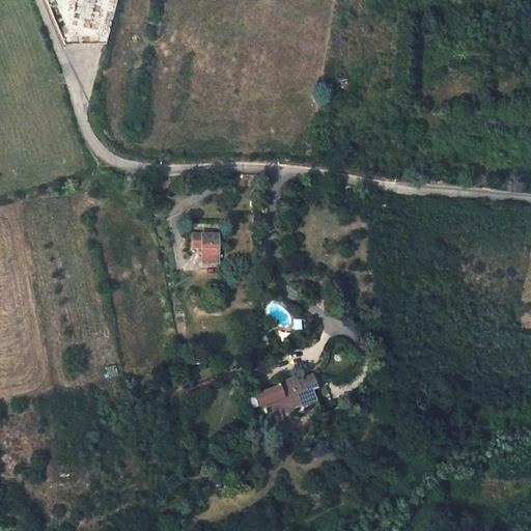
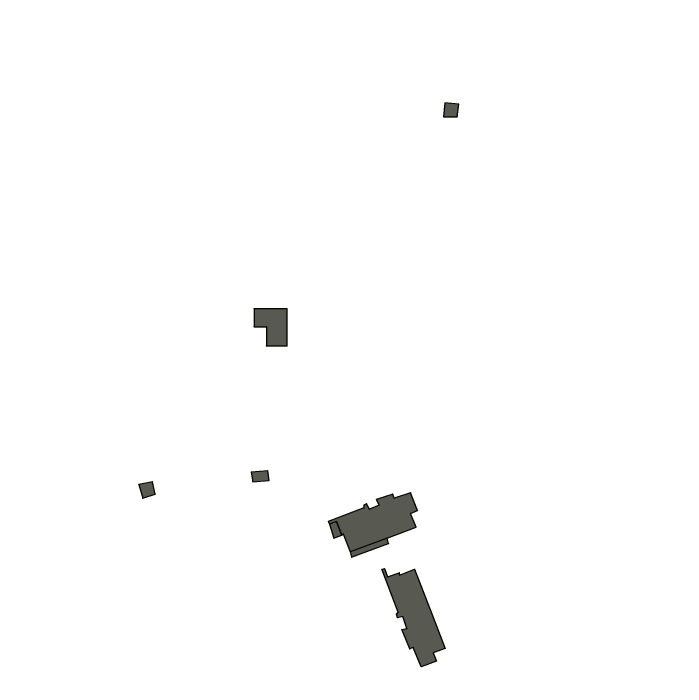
building: none -> [382,569,445,667]

